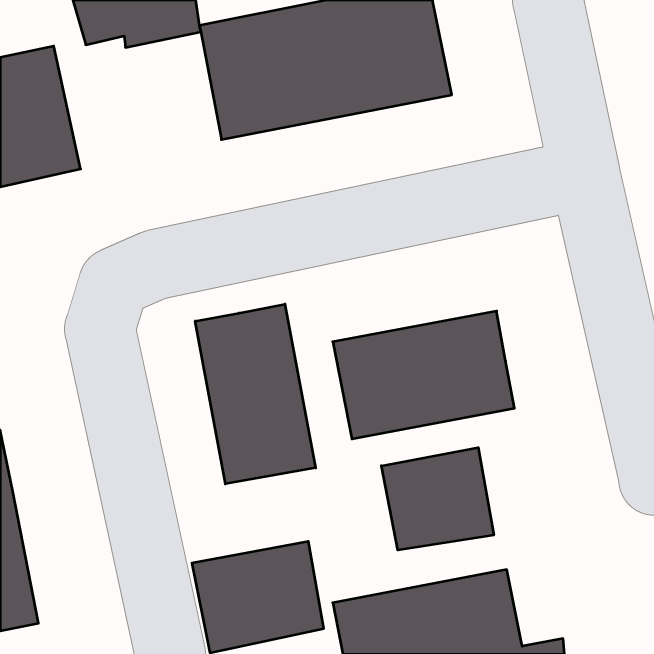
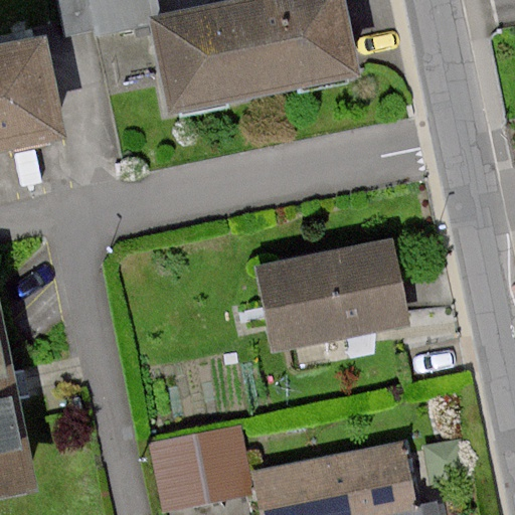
building: [195,304,316,484] -> none
building: [381,448,494,550] -> none

